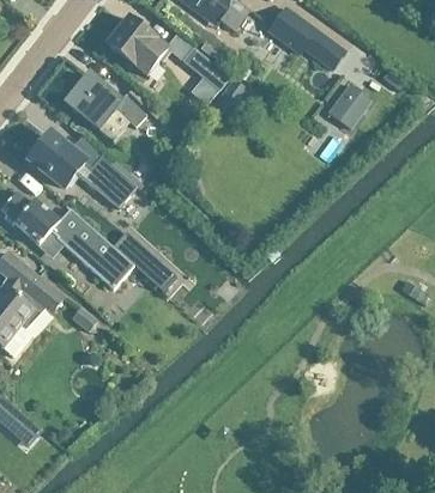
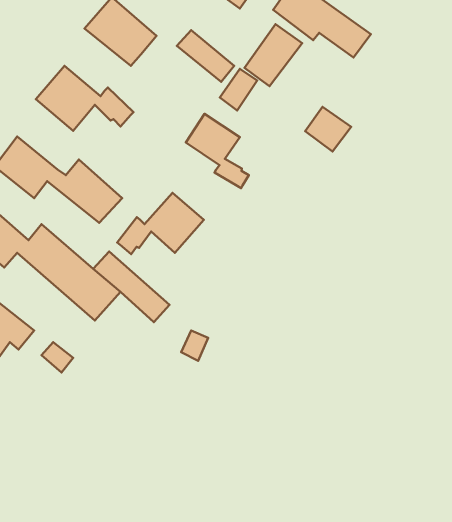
building: none -> [244,24,302,86]
building: [334,81,373,118] -> [305,107,351,151]
building: none -> [186,114,249,188]
building: none -> [117,193,204,254]

